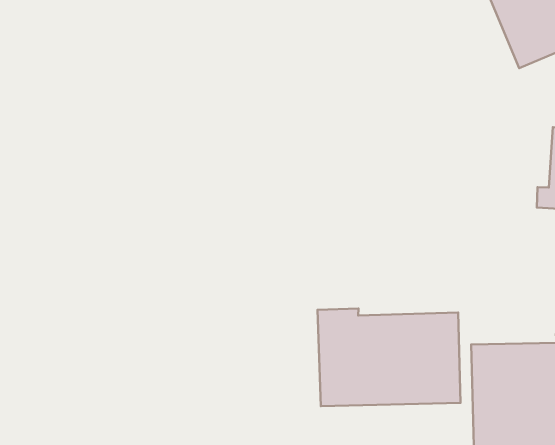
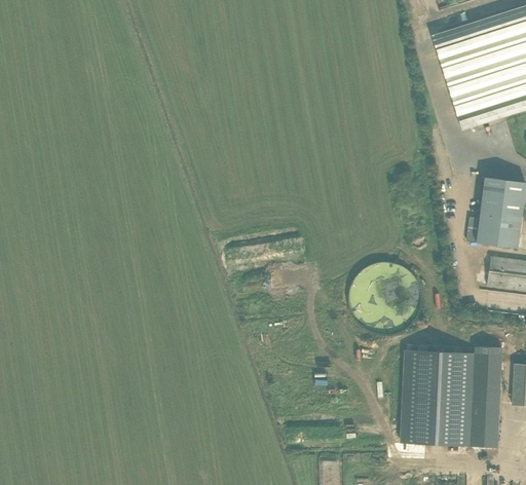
building: [317,308,460,406] -> none

